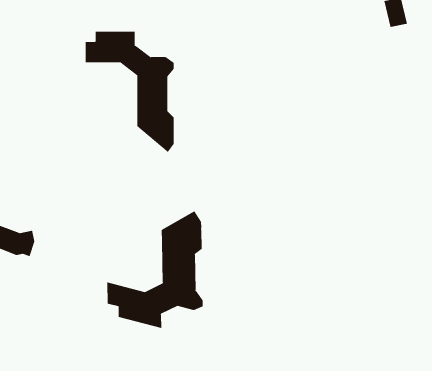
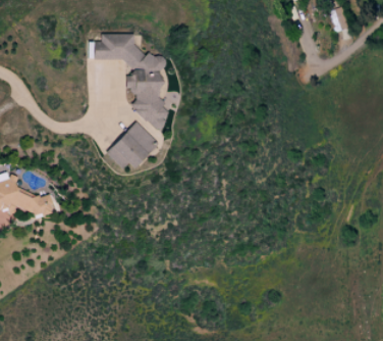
building: none -> [105,123,158,169]
building: [107,210,203,329] -> none

